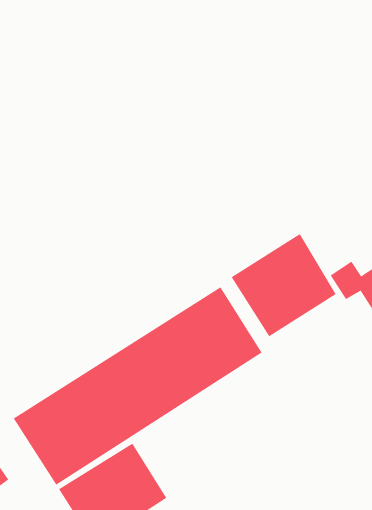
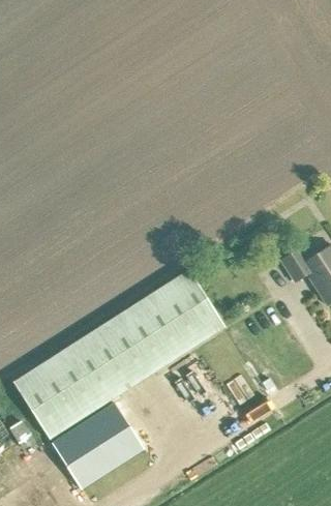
building: [231,233,336,337] -> none

